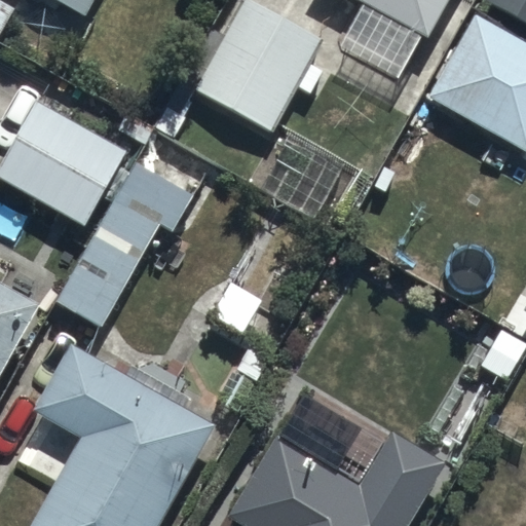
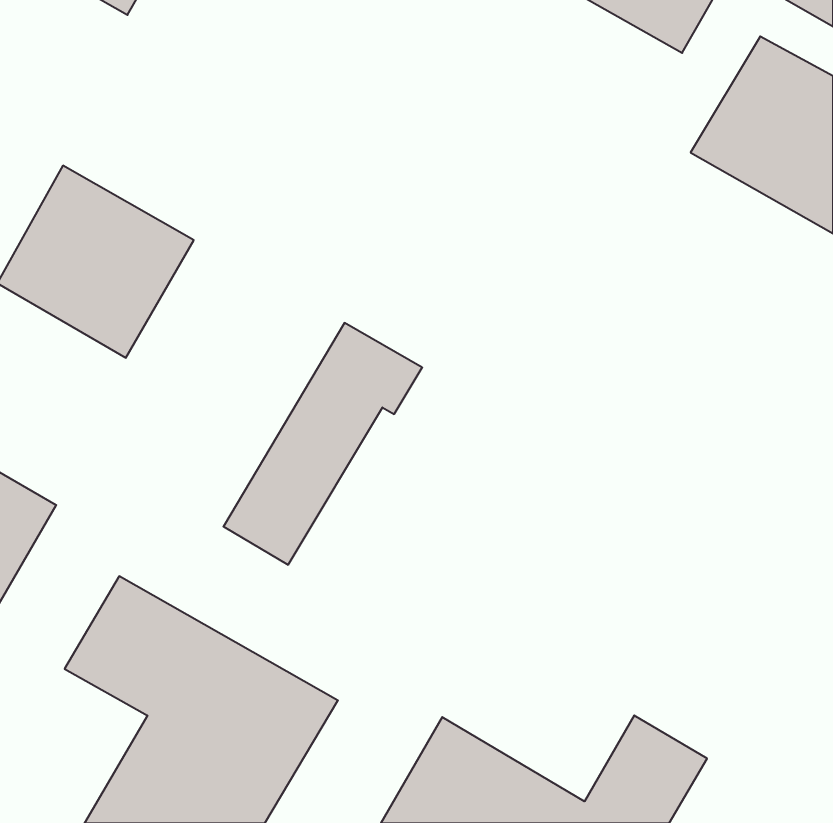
building: [195,4,314,126] -> none
building: [65,165,188,315] -> [223,323,422,565]

